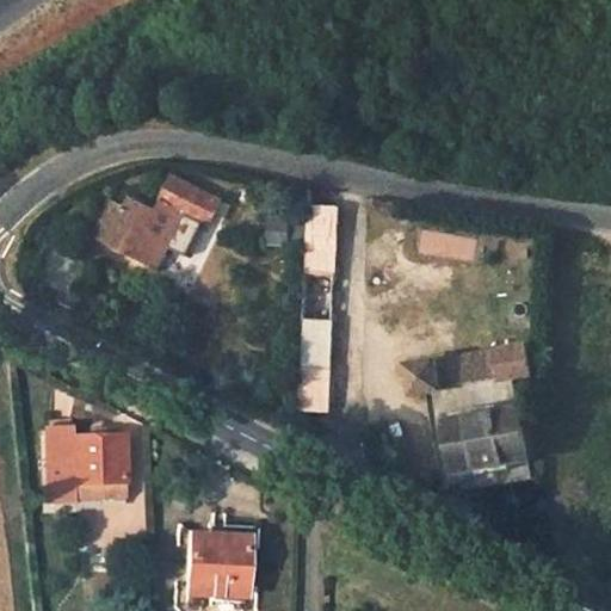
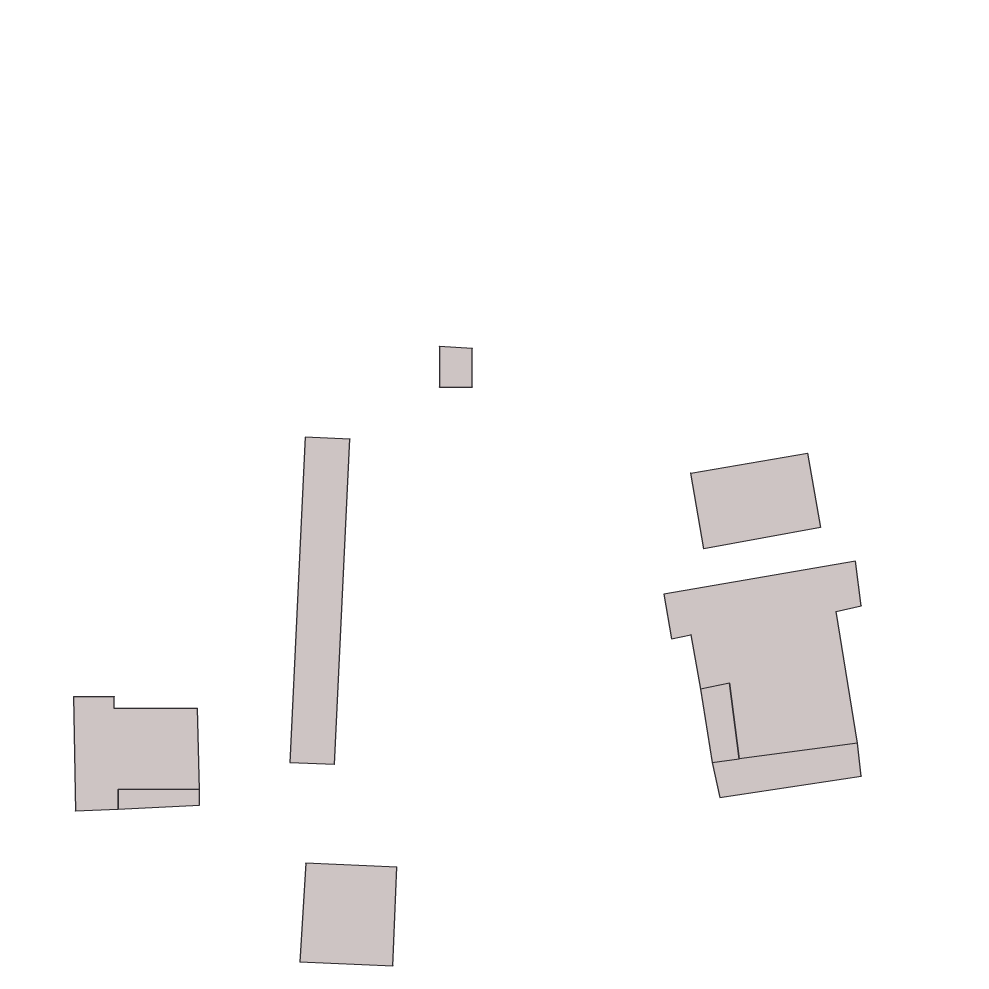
building: [94,178,220,265] -> none
building: [300,205,337,407] -> [290,437,350,764]
building: none -> [691,453,820,549]

